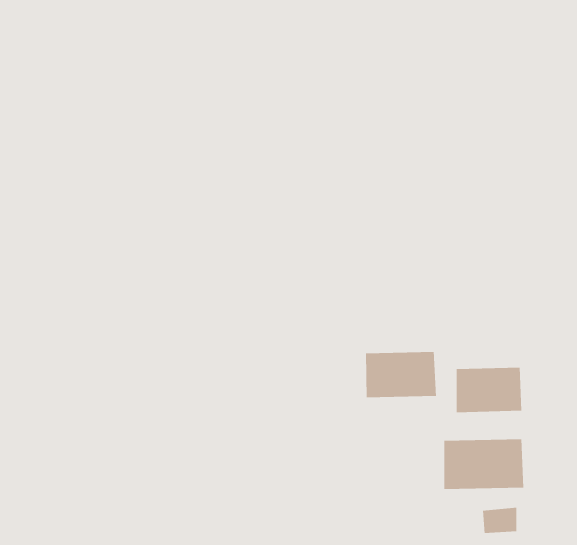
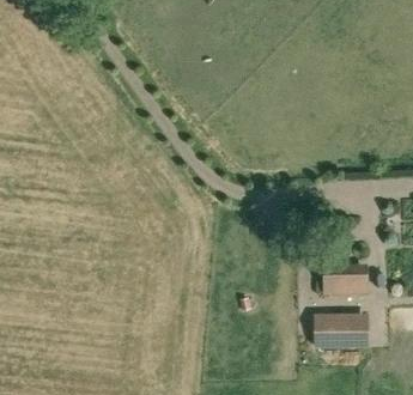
building: [366,351,436,398] -> none

